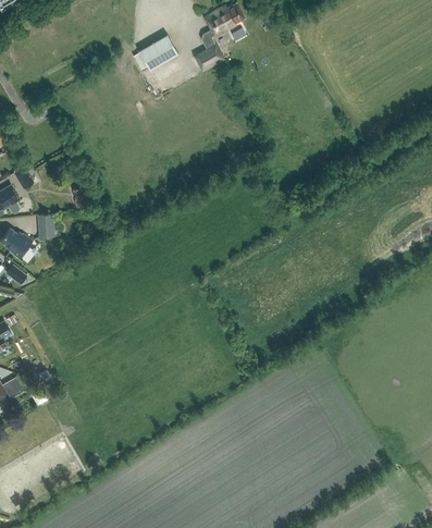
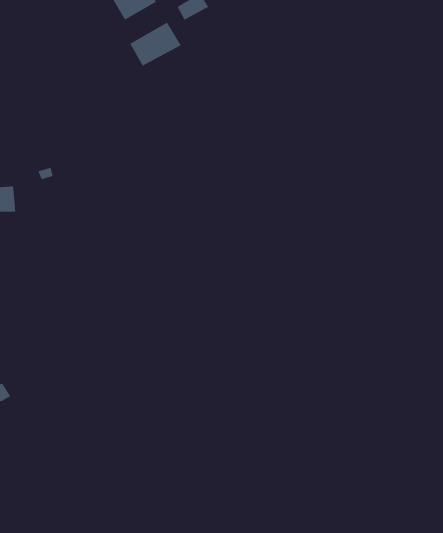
building: none -> [130,22,181,66]

